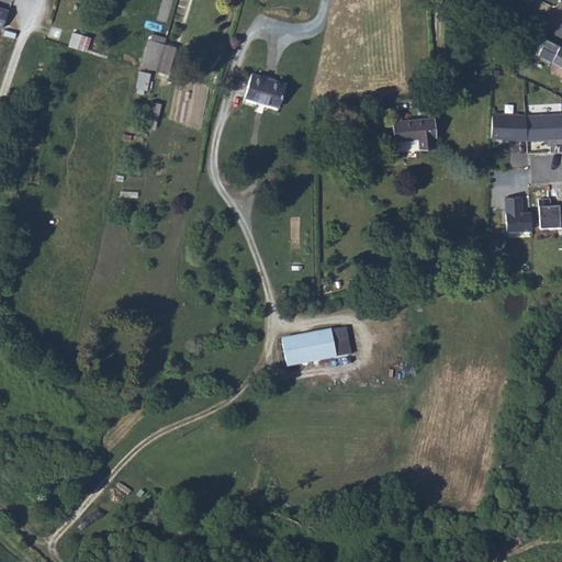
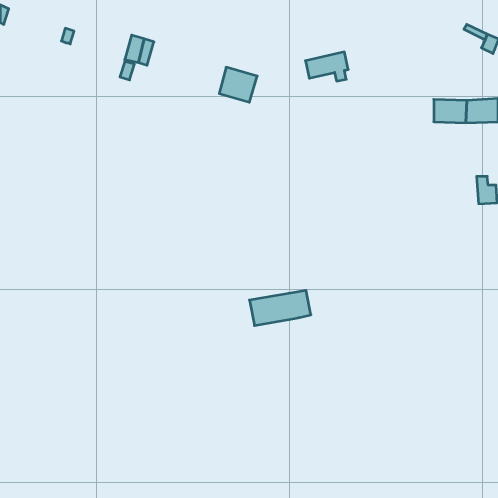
building: [396,115,445,148] -> [305,52,348,81]
building: [502,195,529,233] -> none

